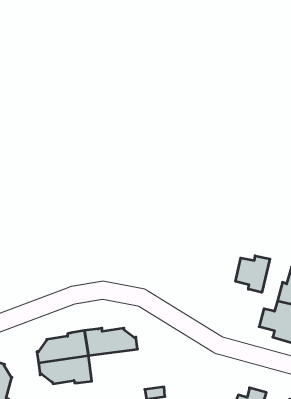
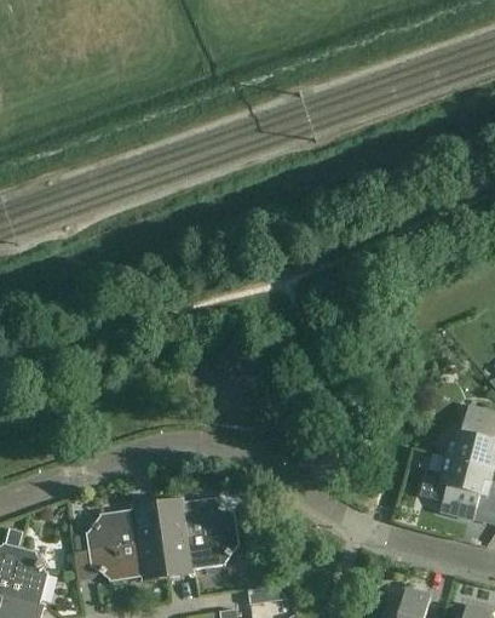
building: [236,256,270,292] -> none
building: none -> [162,530,238,578]

